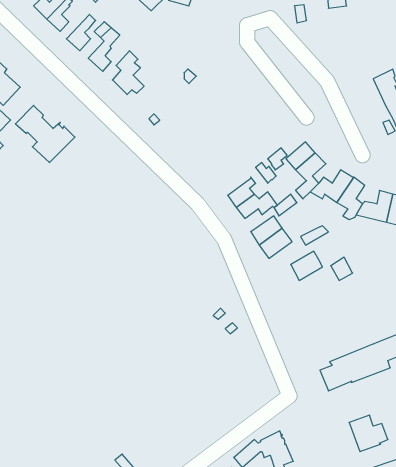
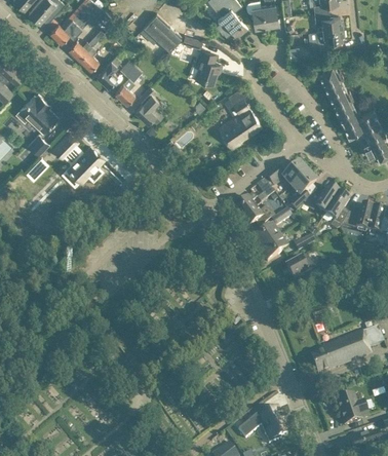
building: none -> [196,50,221,84]
building: none -> [318,65,364,141]
building: none -> [219,99,262,148]

